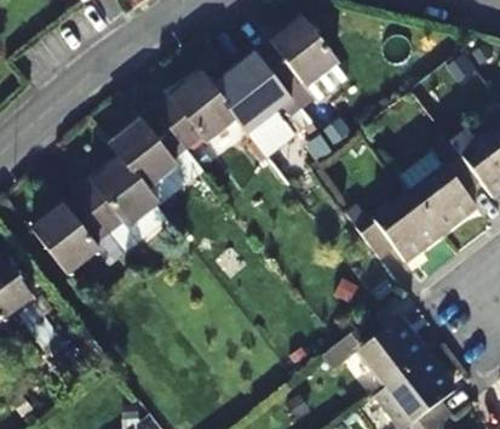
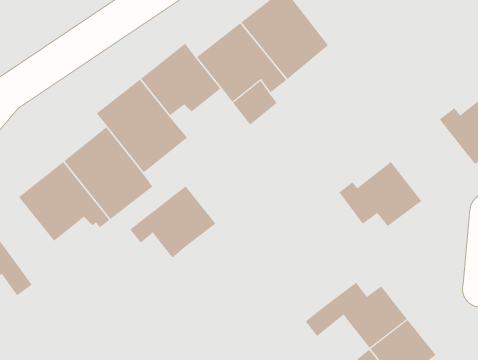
building: [397,137,479,234] -> none
building: none -> [129,186,216,258]

